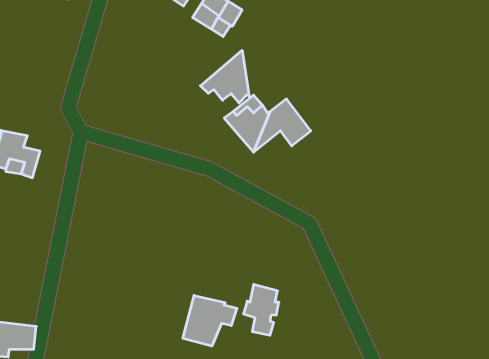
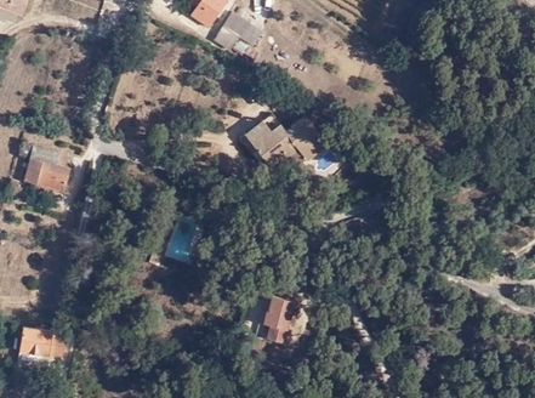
building: [200,50,249,103] -> none
building: [183,295,237,346] -> none

